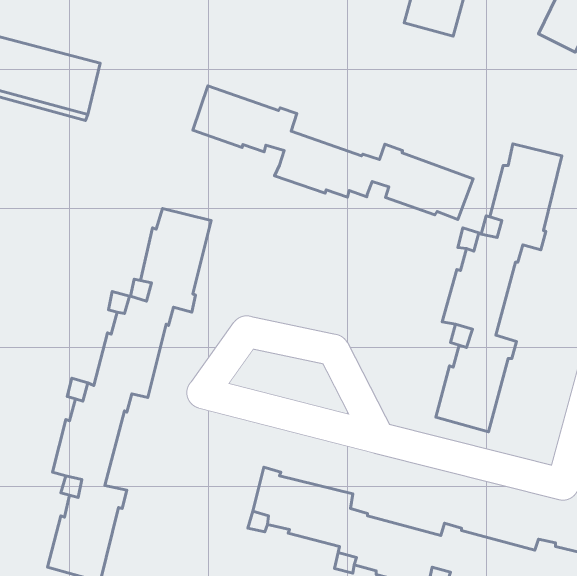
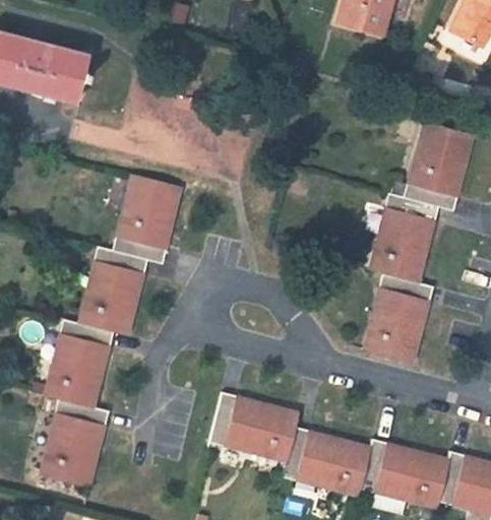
building: [193,86,473,220] -> none

